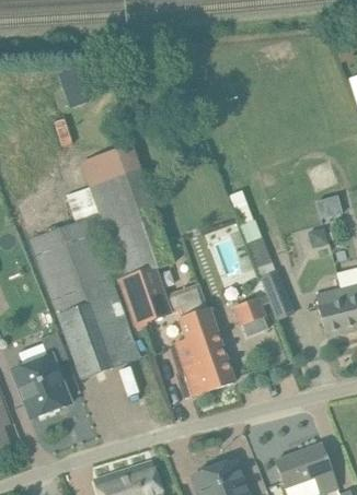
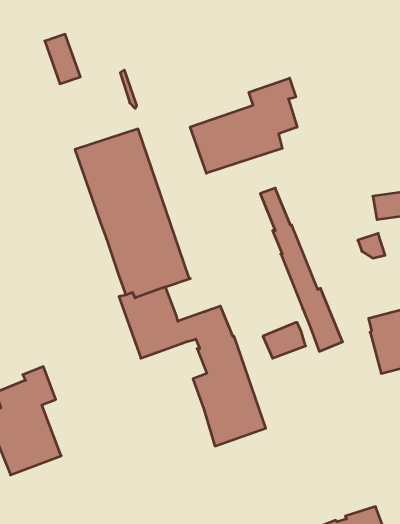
building: none -> [190,78,297,173]
building: [33,219,141,378] -> none

